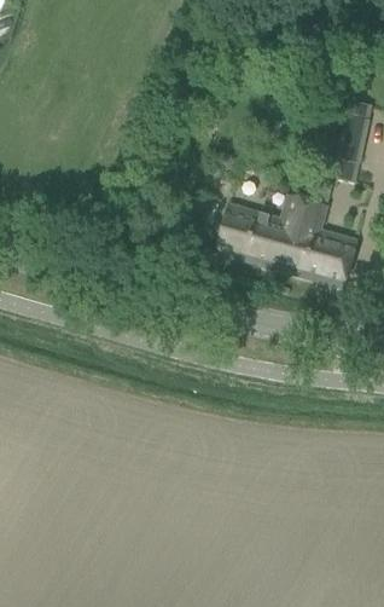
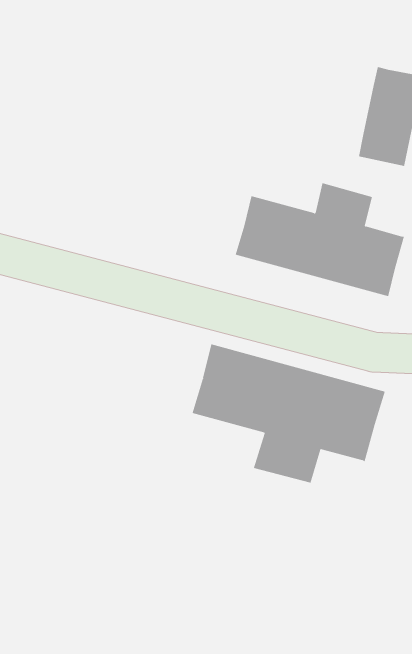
building: none -> [192,344,385,484]

